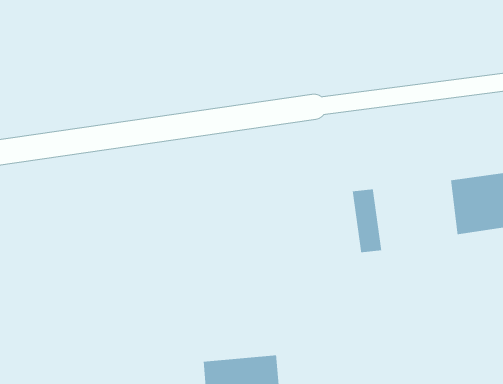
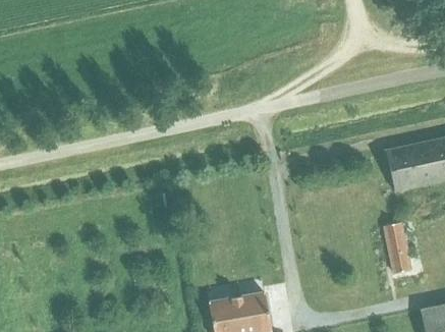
building: [352,189,382,253] -> [385,223,411,273]

